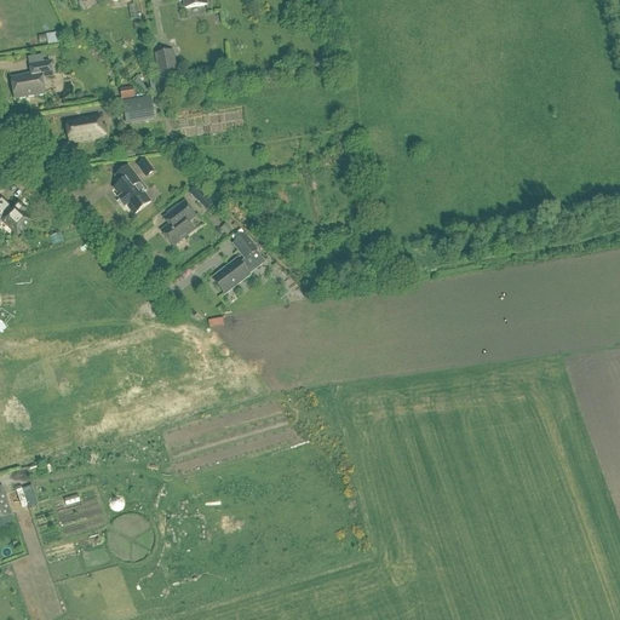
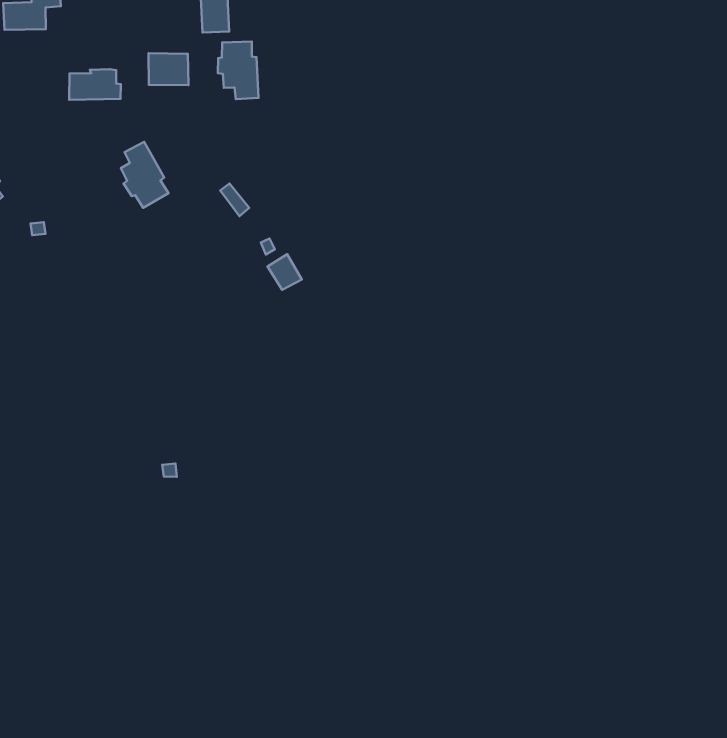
building: none -> [218,42,258,99]
building: [160,200,194,243] -> none
building: [211,257,248,292] -> none

